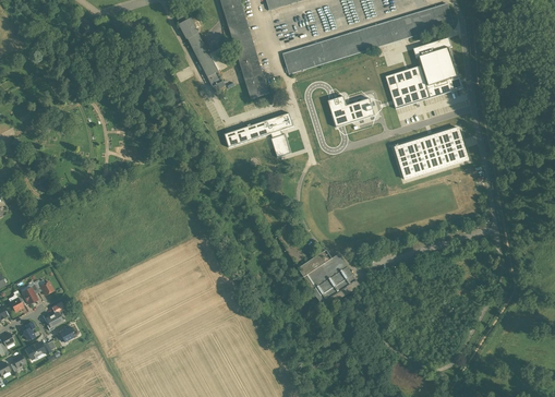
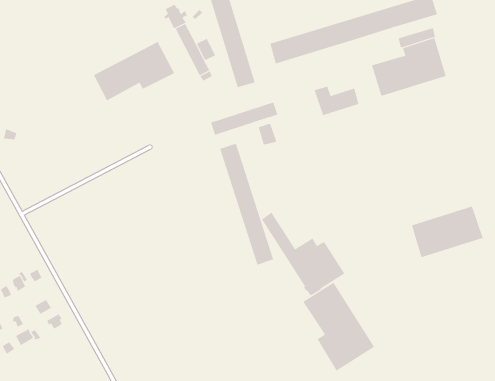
building: none -> [93,41,175,101]
building: [395,127,468,179] -> [411,206,483,258]
building: none -> [219,143,274,265]
building: none -> [303,282,375,371]

